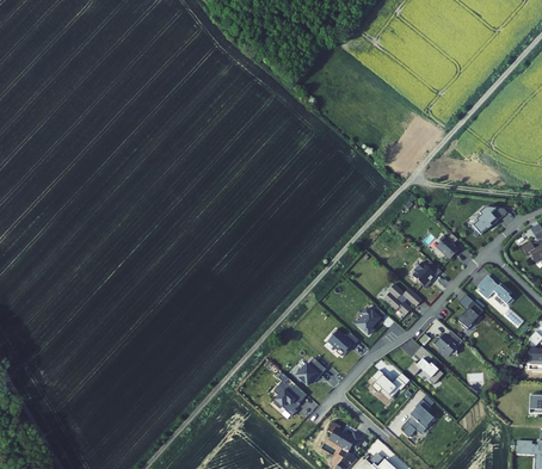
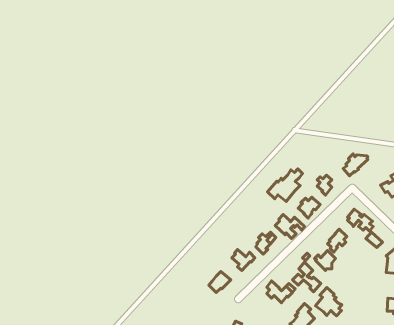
building: none -> [267,169,303,201]
building: none -> [316,287,342,316]
building: [272,381,306,416] -> none

